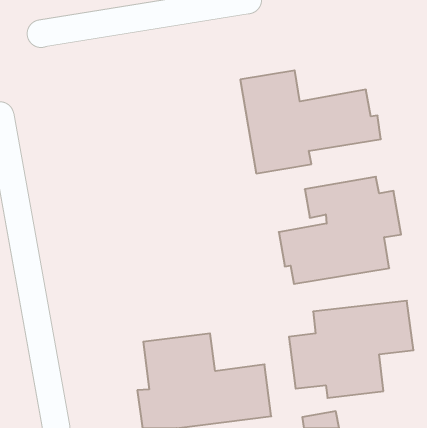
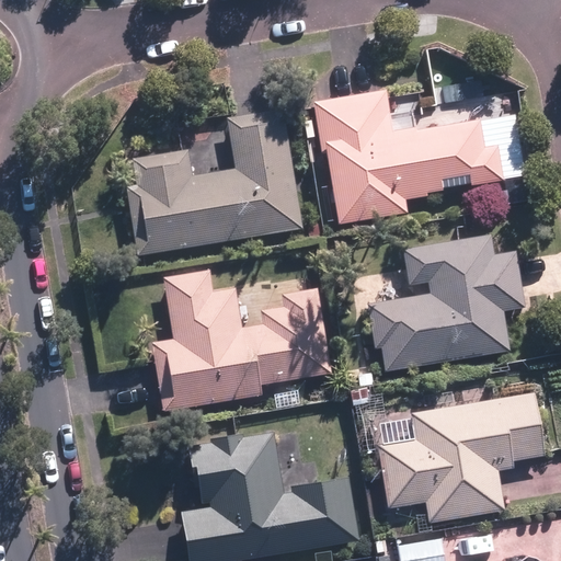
building: none -> [128,107,305,254]
building: none -> [151,265,332,411]

